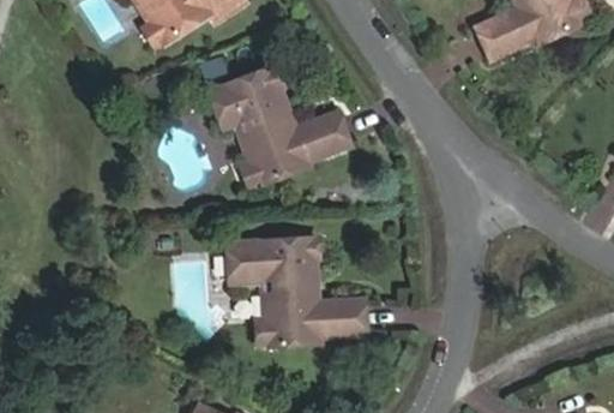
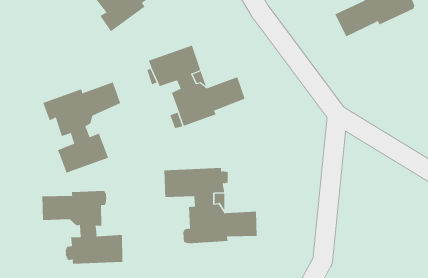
building: none -> [42,81,121,174]
building: none -> [42,190,123,265]

